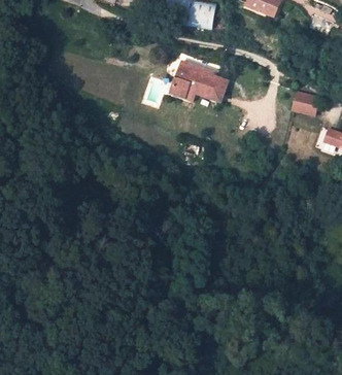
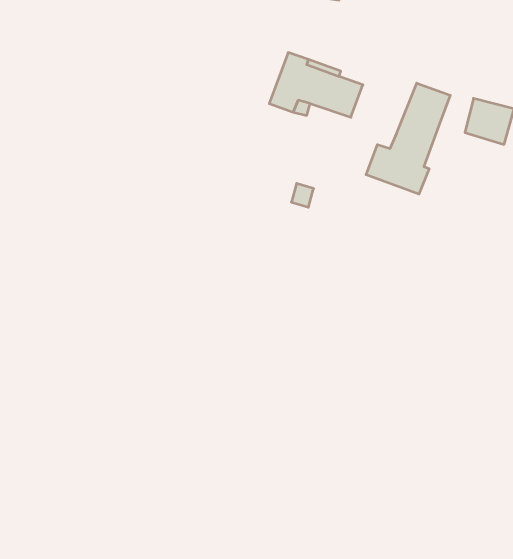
building: none -> [366,83,450,194]

